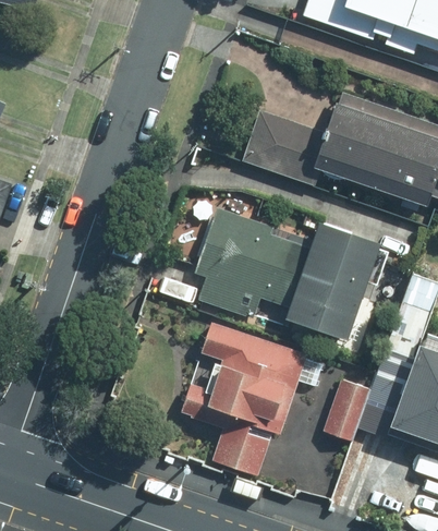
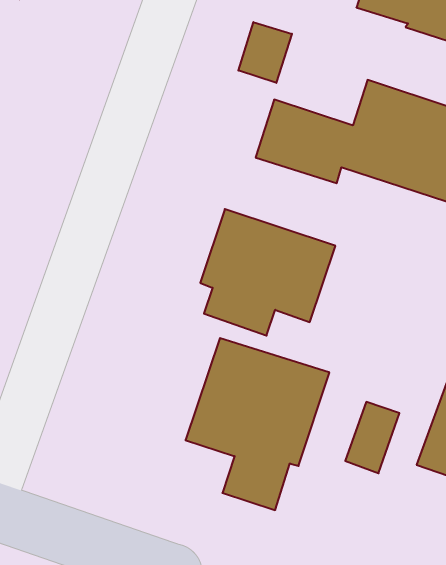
building: none -> [238,22,292,83]
building: [287,221,388,338] -> none

